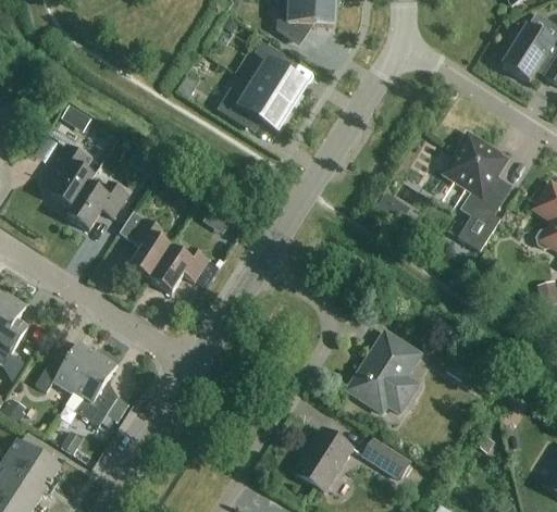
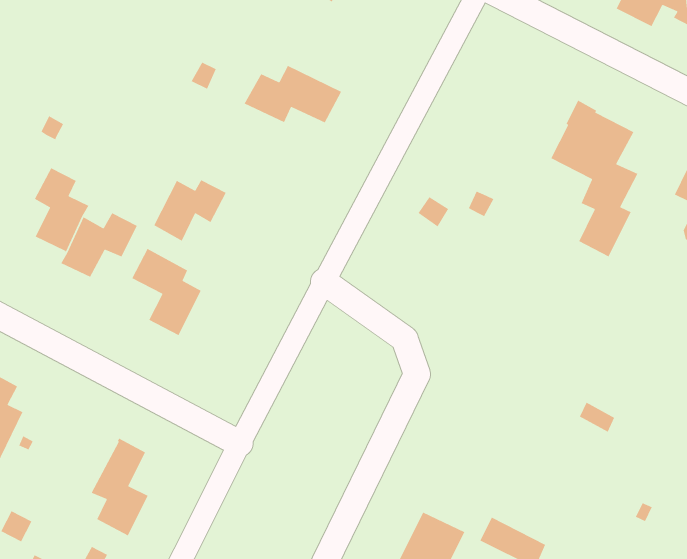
building: [246,41,305,108] -> none
building: [150,247,208,294] -> [153,179,227,242]
building: [346,330,420,412] -> none
building: [35,341,97,394] -> none

